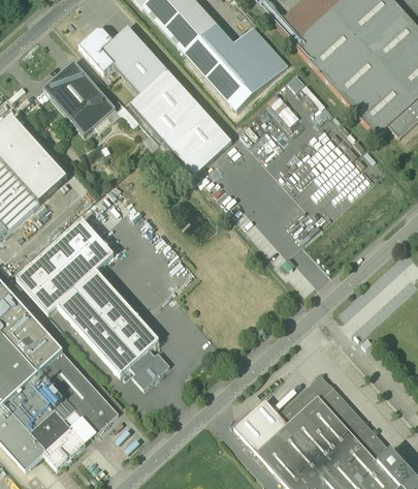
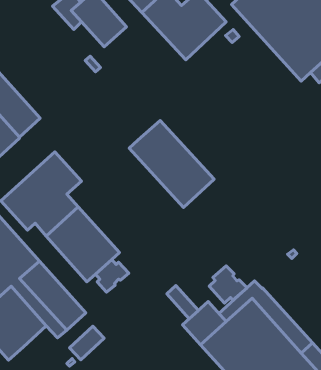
building: [43,60,116,134] -> none
building: [130,69,232,174] -> [129,120,214,207]
building: none -> [209,266,247,303]
building: none -> [167,285,198,319]
building: [43,428,85,468] -> [70,326,104,360]

